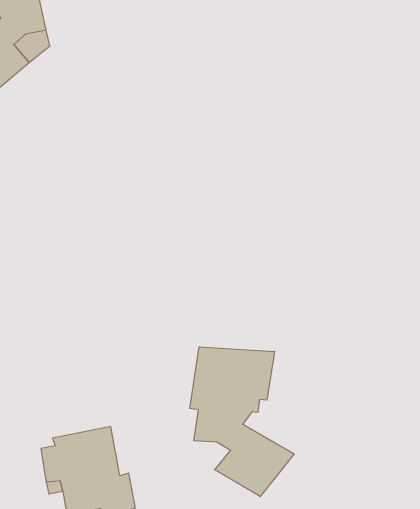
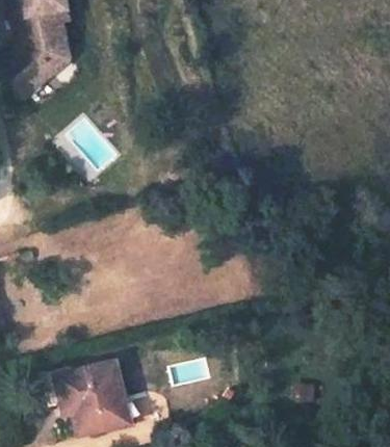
building: [190,347,294,497] -> none

